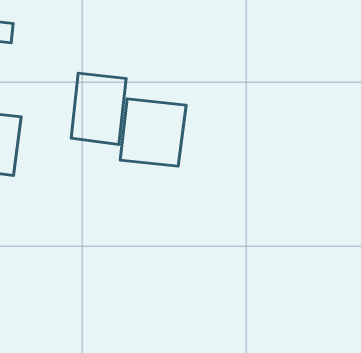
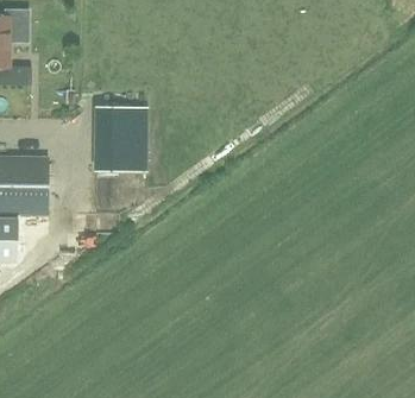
building: [120,99,186,166] -> none

